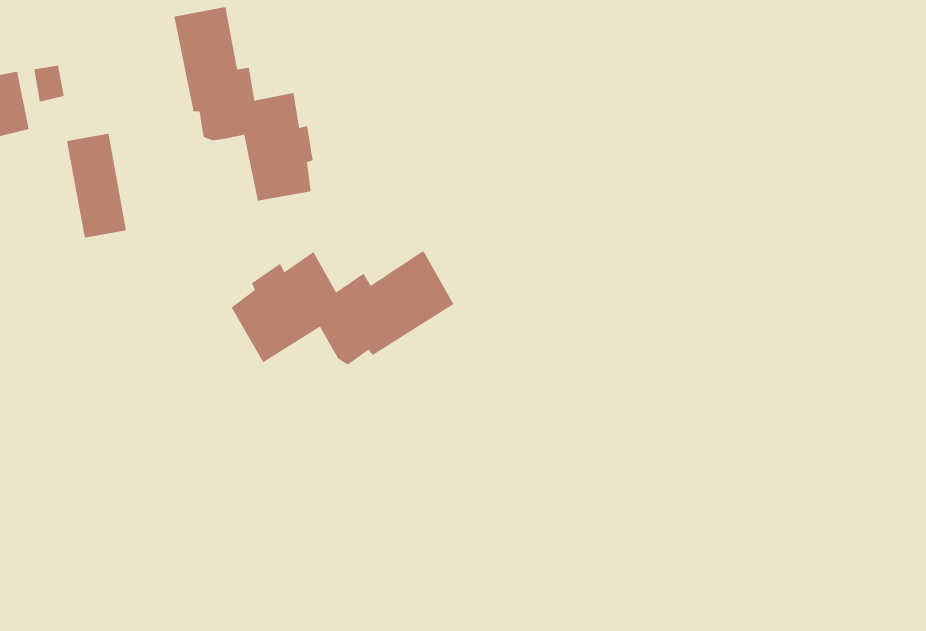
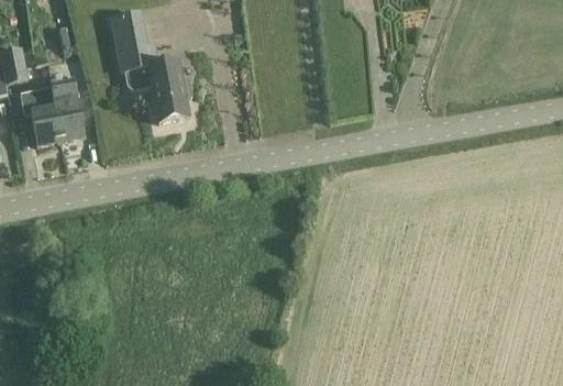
building: none -> [22,88,60,145]
building: [231,250,454,365] -> none

